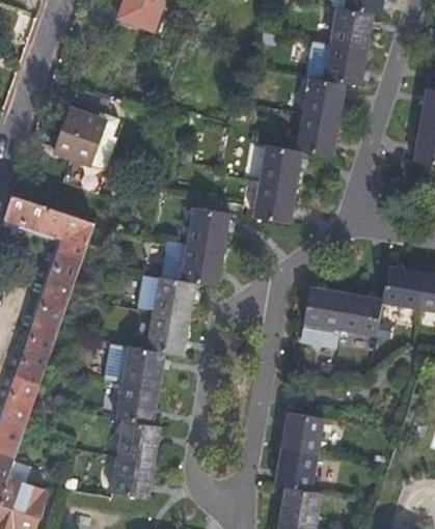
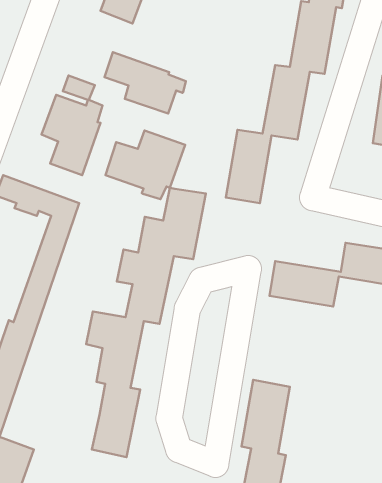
building: none -> [104,52,186,114]
building: none -> [105,131,185,199]

